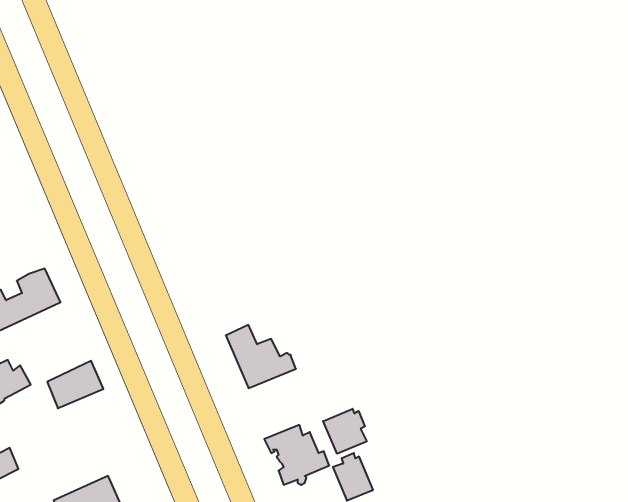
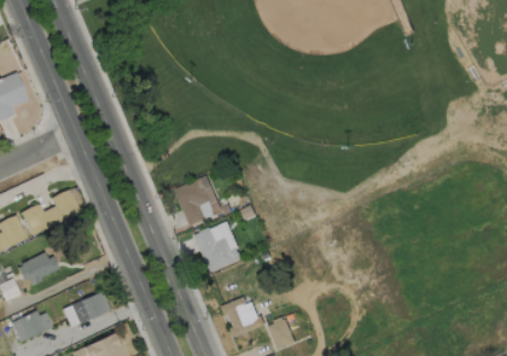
building: none -> [174,174,232,224]
building: [47,361,103,408] -> [70,290,109,322]
building: [323,409,367,454] -> none

